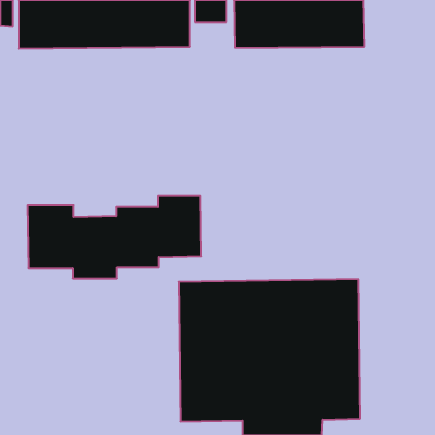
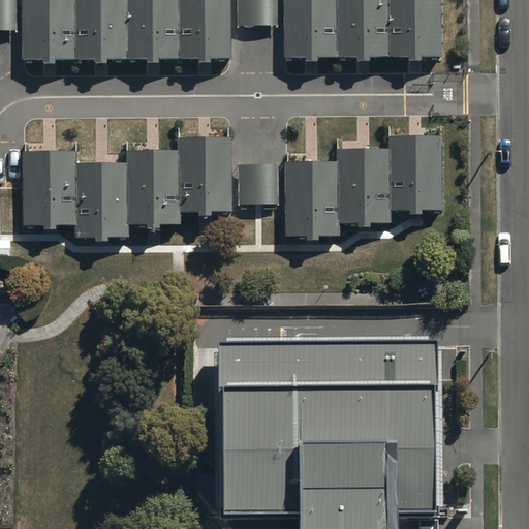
building: none -> [284,135,439,237]
building: none -> [239,164,278,206]
building: [28,196,201,278] -> [21,137,231,238]

